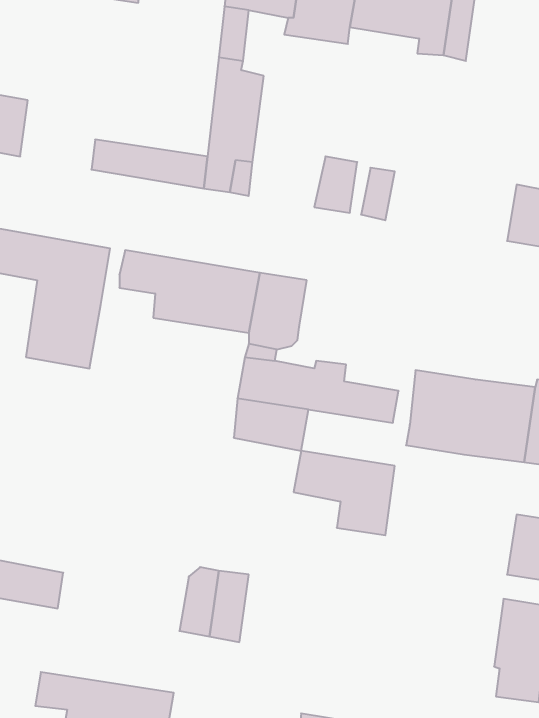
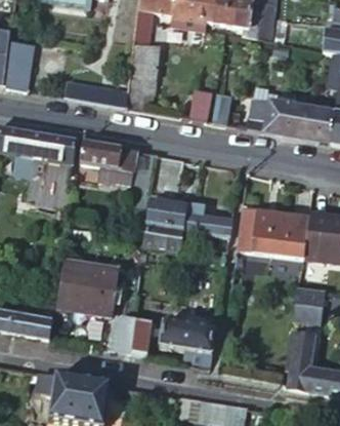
building: none -> [245,99,298,137]
building: [294,451,395,535] -> [161,321,216,367]
building: none -> [56,261,121,314]

